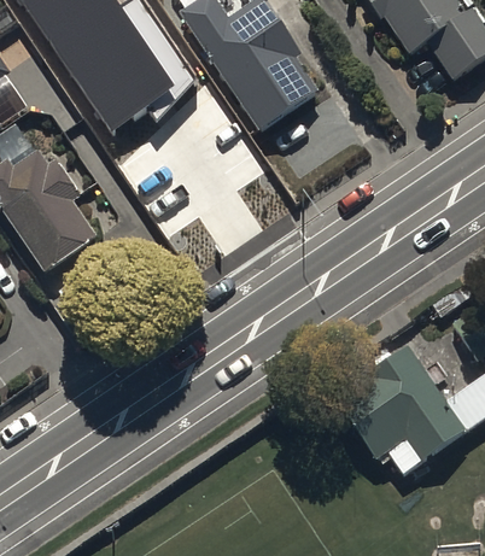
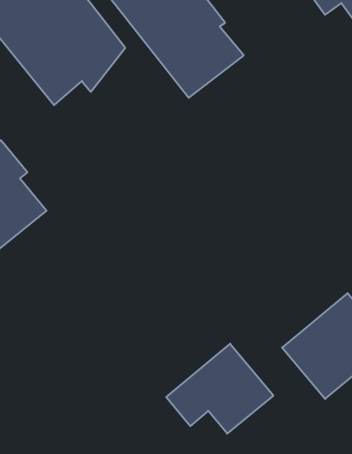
building: none -> [166,344,273,434]

